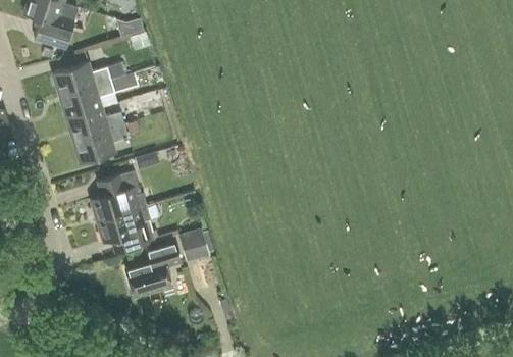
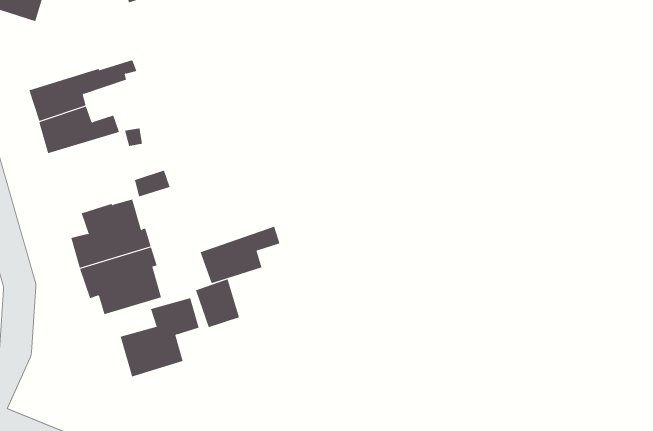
building: [52,61,125,95] -> none
building: [72,124,129,163] -> none
building: none -> [200,226,280,284]

